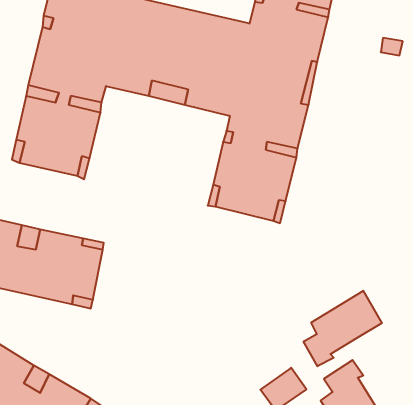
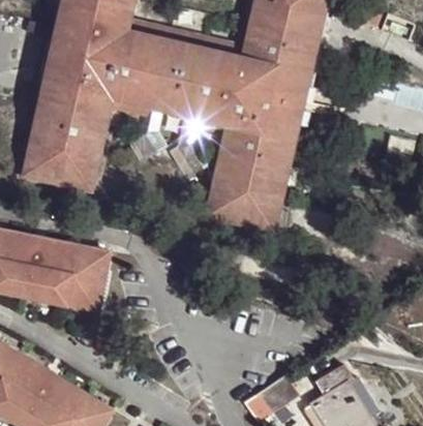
building: [304,291,382,366] -> none

